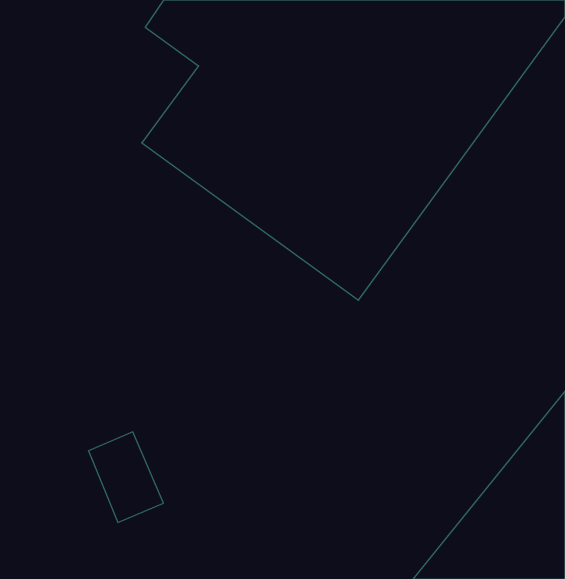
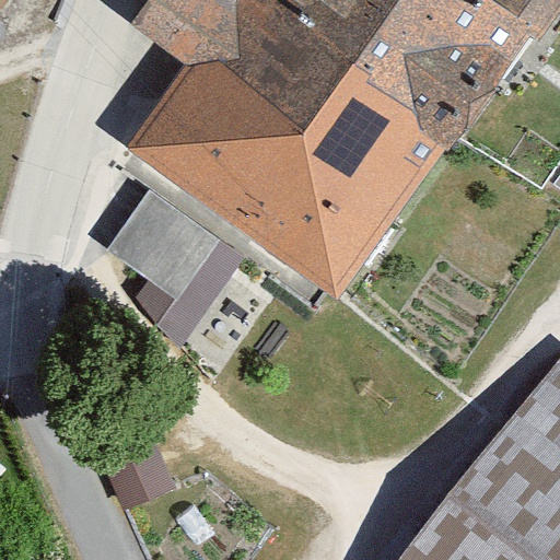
building: none -> [94,179,237,317]

